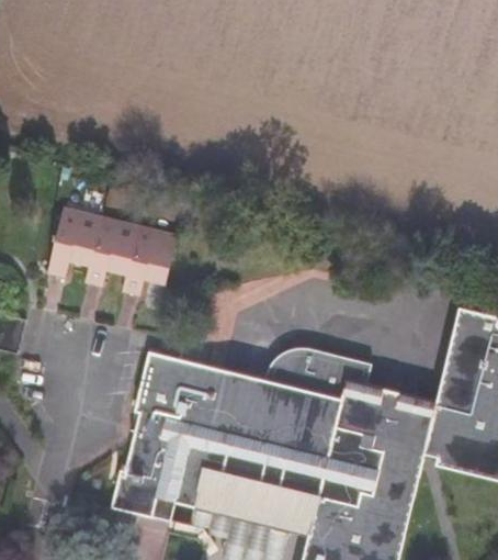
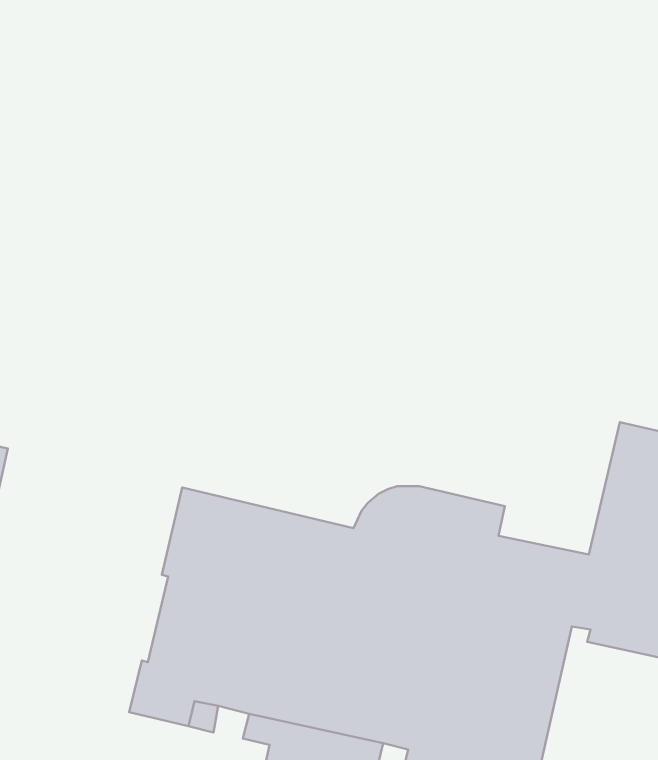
building: [46,210,177,295] -> none

